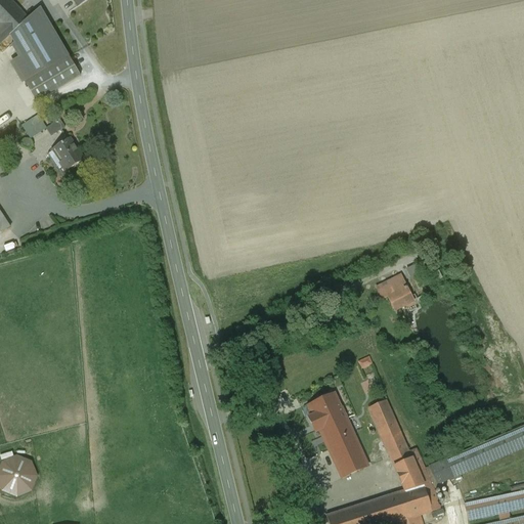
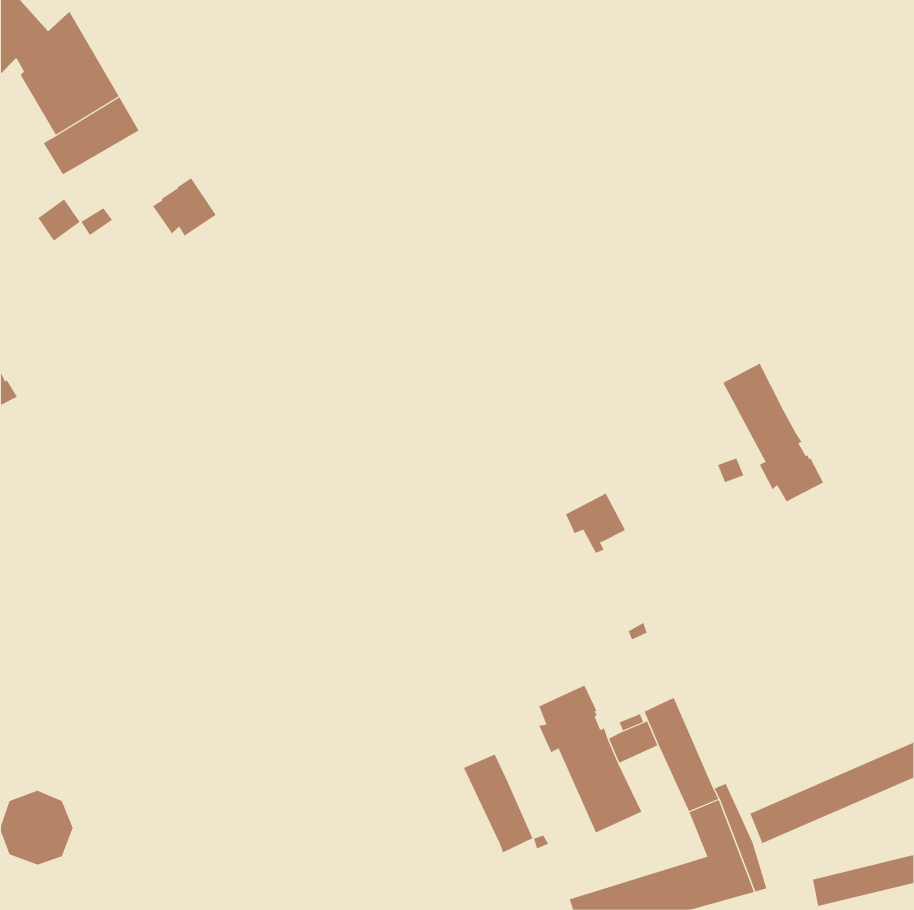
building: [47,137,84,171] -> [152,177,216,236]
building: none -> [723,363,824,502]
building: [377,274,411,309] -> [565,493,626,553]
building: none -> [463,754,533,853]

